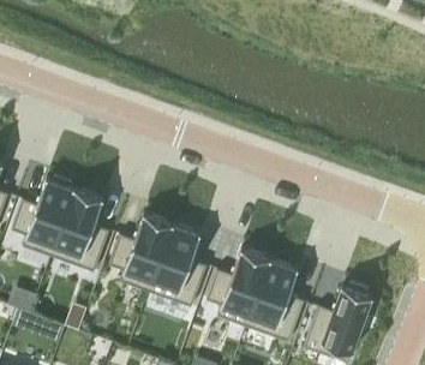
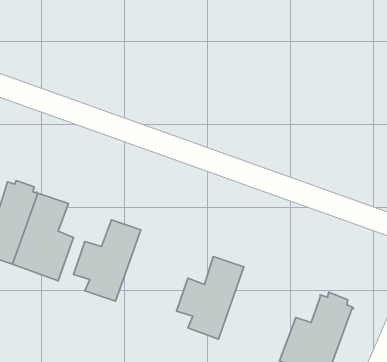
building: [149,225,206,307] -> none
building: [246,259,305,343] -> none

